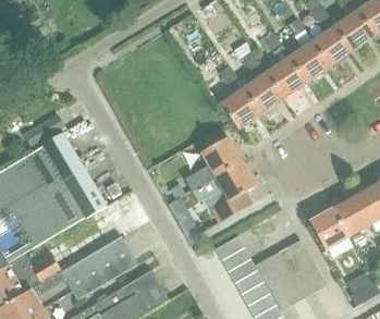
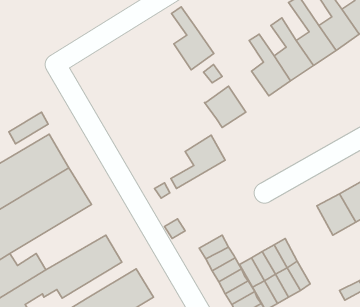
building: [242,50,284,113] -> [171,7,214,70]
building: [192,161,256,219] -> none
building: [309,207,348,249] -> none

